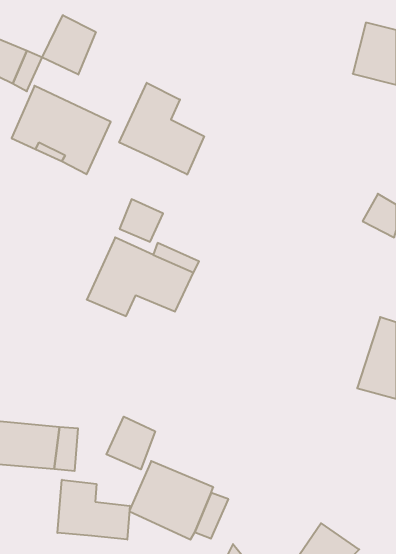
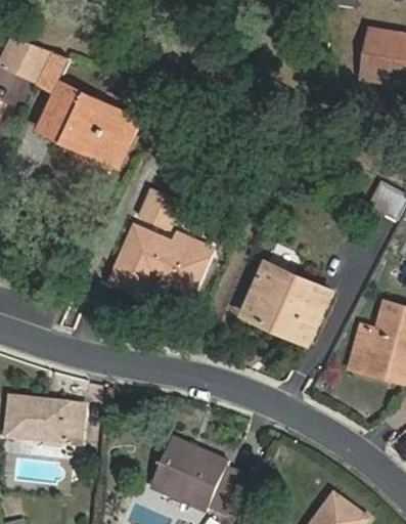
building: [42,15,96,75] -> none
building: [119,83,204,175] -> none
building: none -> [240,262,331,345]
building: [106,417,155,469] -> none
building: [57,480,130,540] -> none

